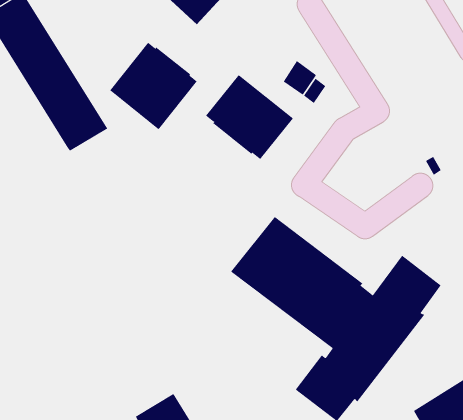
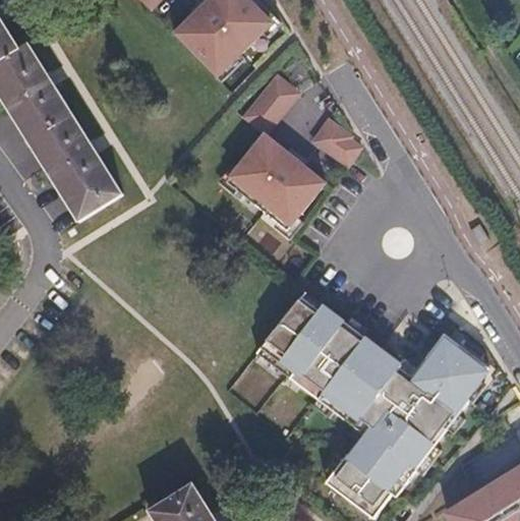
building: none -> [244,74,299,134]
building: [109,42,197,130] -> none

